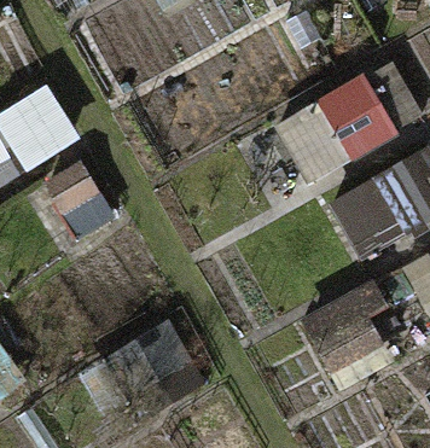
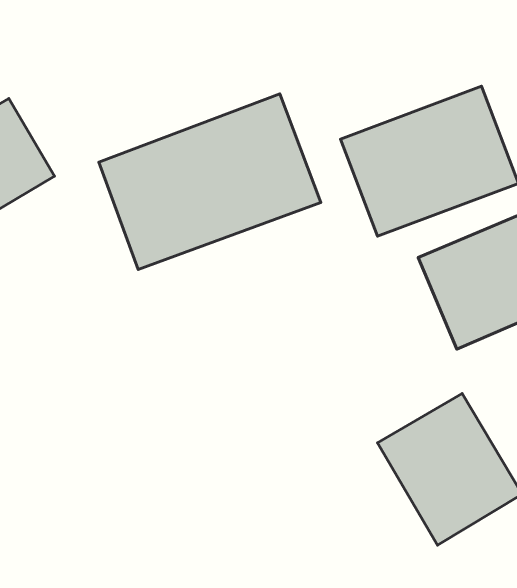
building: none -> [99,94,321,269]

